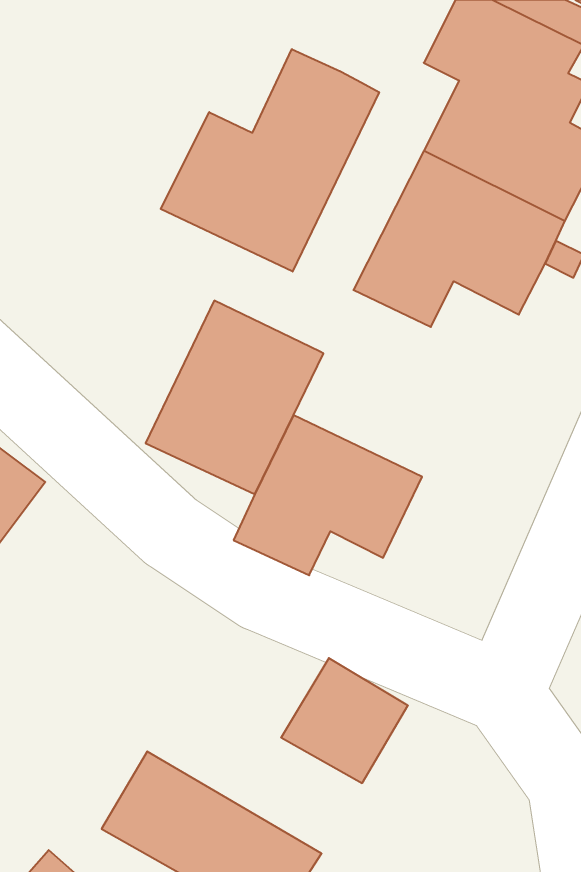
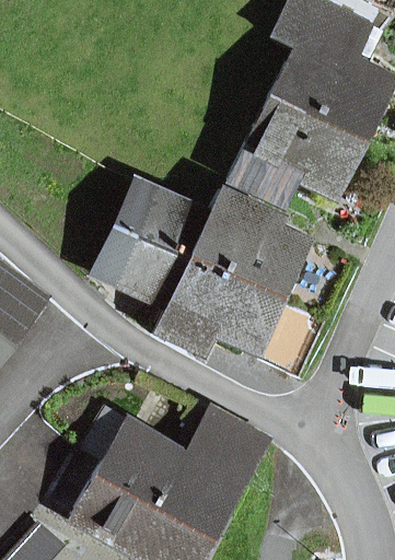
building: [161,49,379,272] -> none
building: none -> [193,189,297,296]
building: none -> [85,412,235,530]

